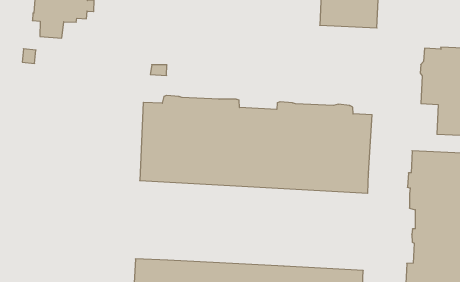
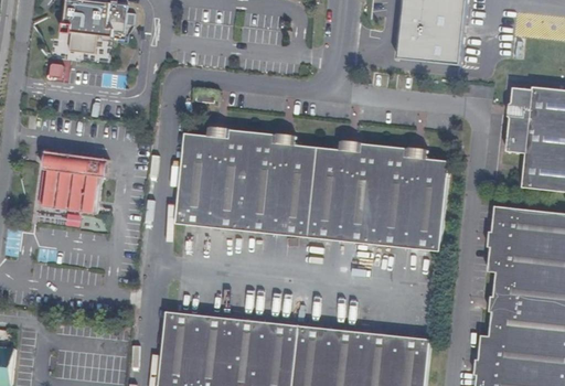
building: none -> [39,150,108,214]

